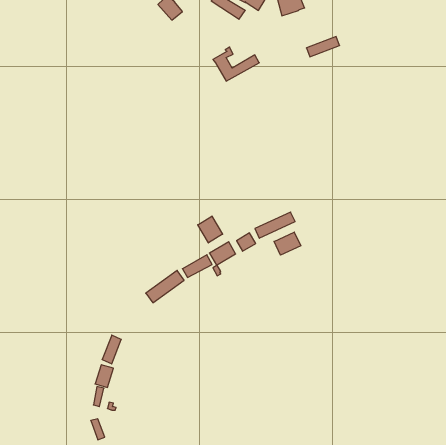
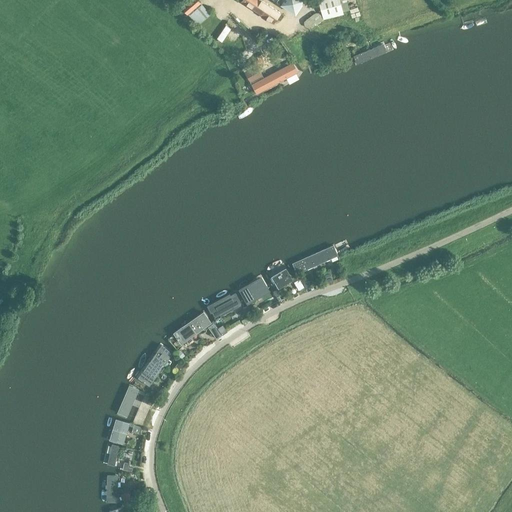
building: [198,216,223,243] -> none
building: [274,232,301,255] -> none
building: none -> [137,343,174,386]

